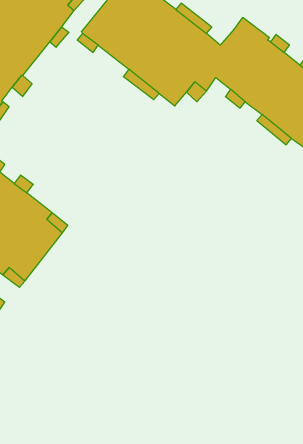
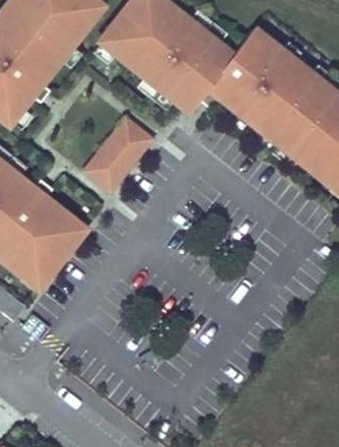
building: none -> [82,117,154,194]

